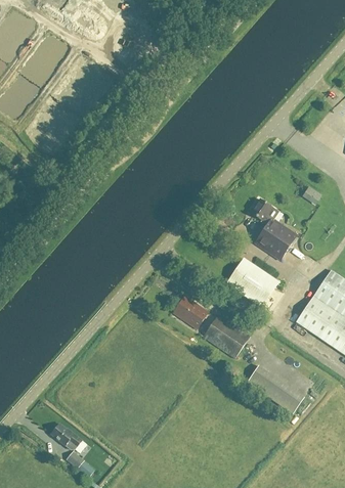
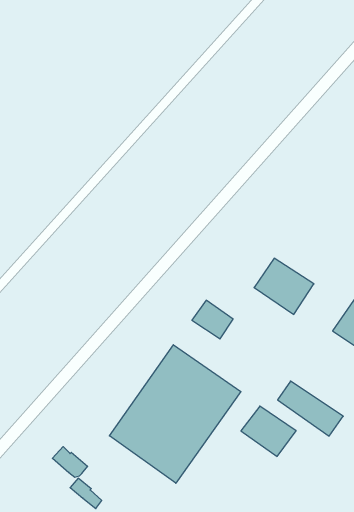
building: [250,197,297,260] -> none
building: [202,314,250,358] -> [241,406,296,456]
building: none -> [109,345,241,483]

